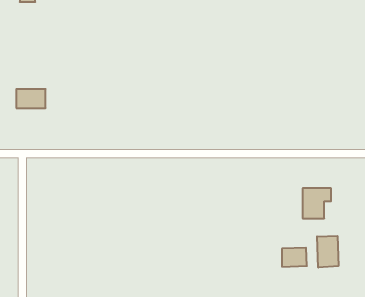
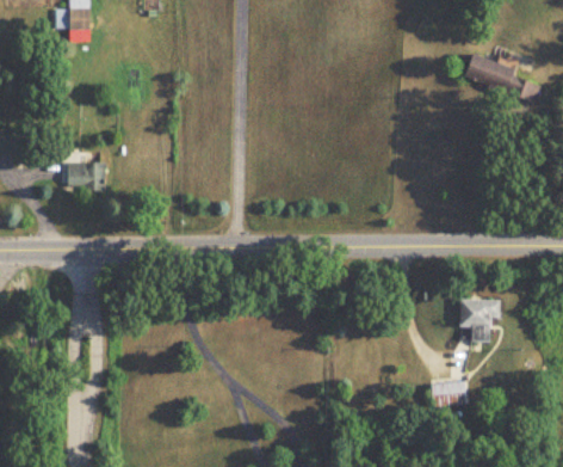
building: none -> [463,53,537,102]
building: [317,236,338,268] -> none

